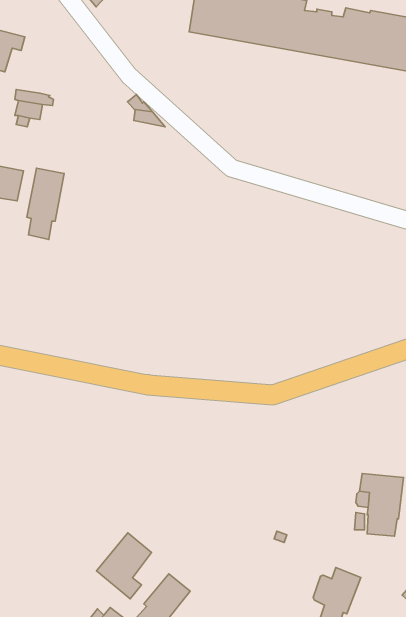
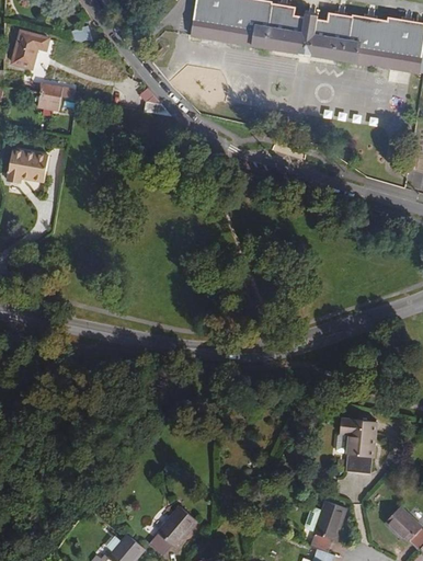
building: [27,168,64,240] -> none
building: [96,533,152,599] -> none

